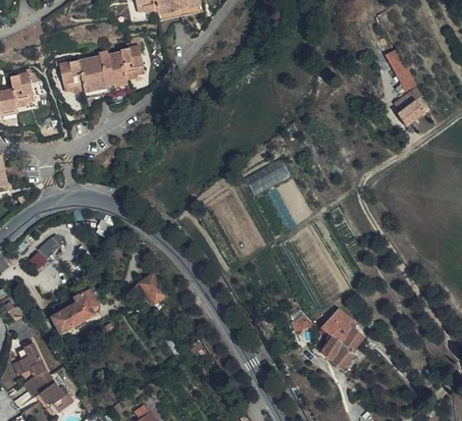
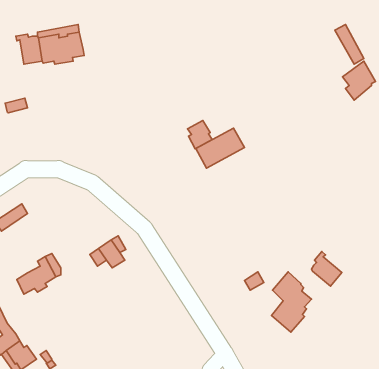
building: [116,40,141,75] -> none
building: none -> [188,121,212,149]
building: none -> [311,252,342,286]

